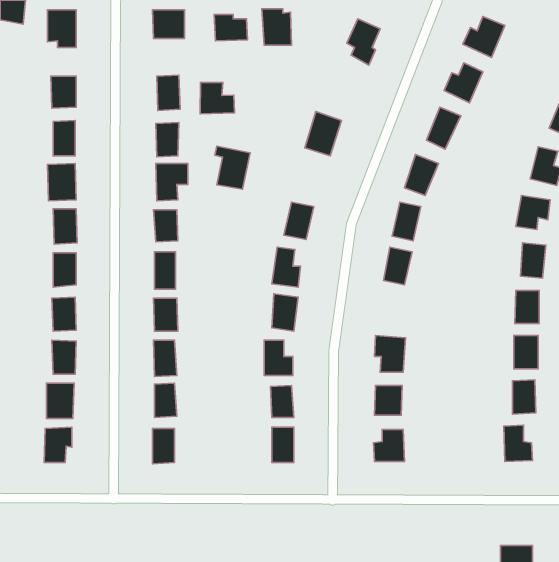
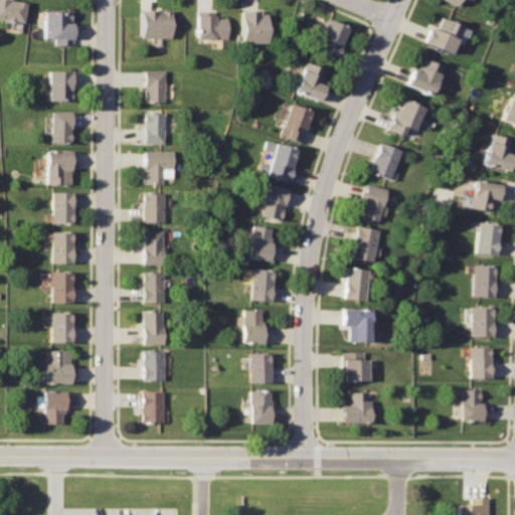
building: none -> [298,62,331,102]
building: [200,82,234,114] -> none
building: [215,146,250,189] -> [269,142,301,181]
building: none -> [347,269,371,302]

